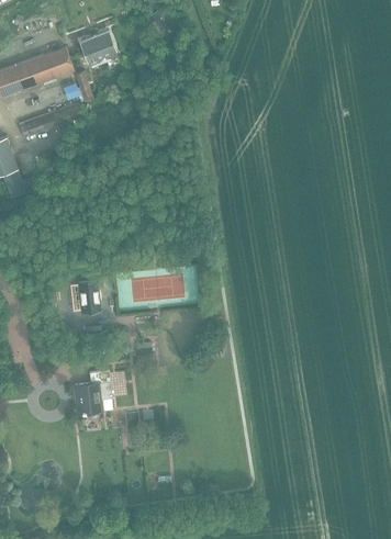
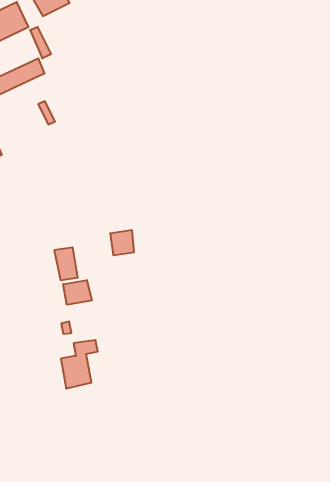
building: [158,268,183,294] -> none
building: none -> [63,280,92,305]

